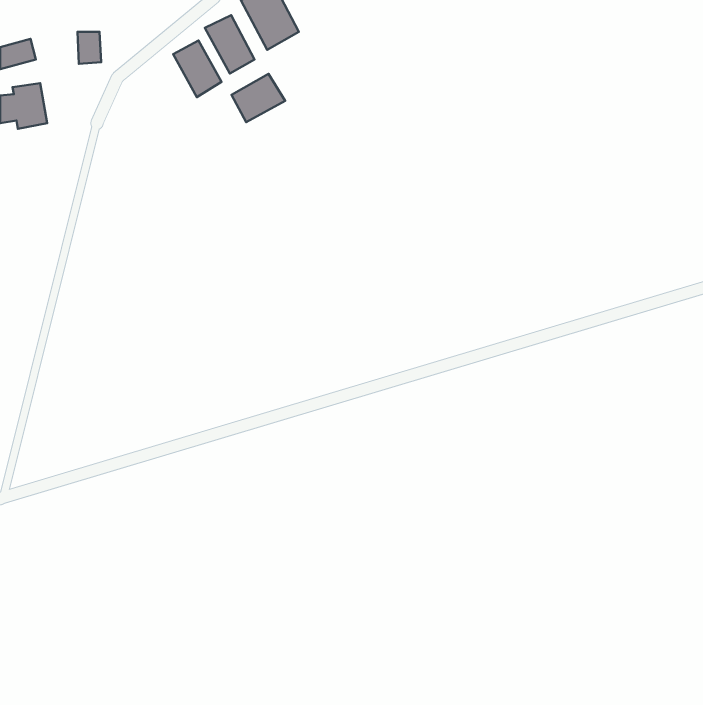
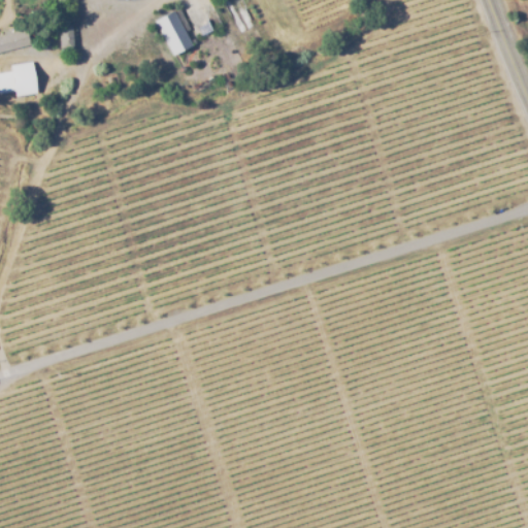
building: [173,41,222,97] -> none
building: [231,74,285,122] -> none

